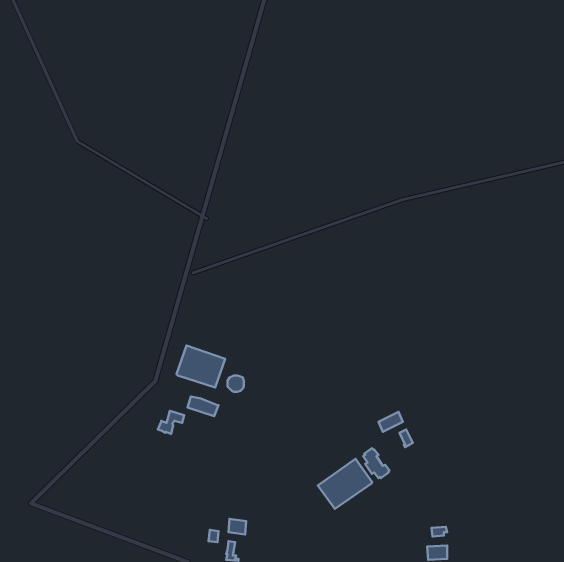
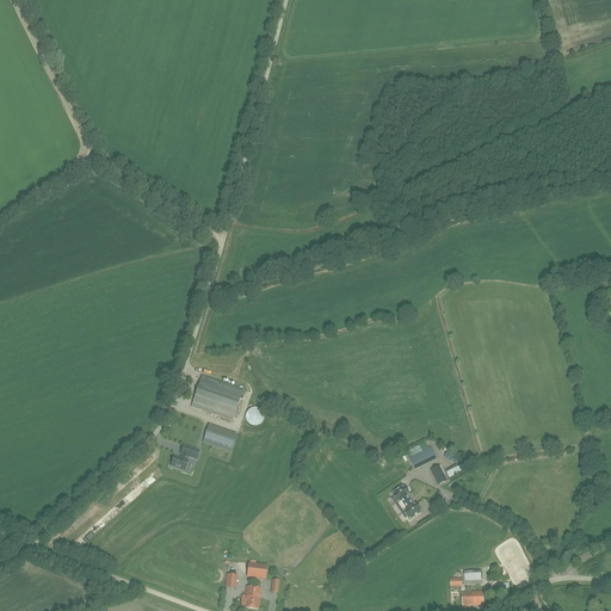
building: [318,459,372,509] -> none

